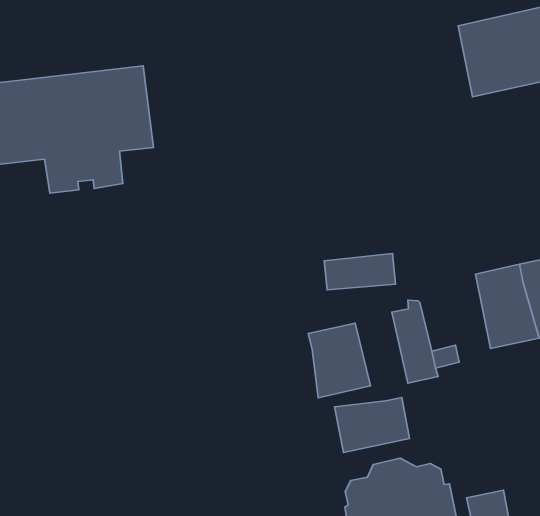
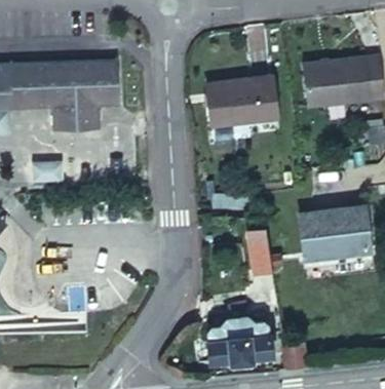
building: none -> [210,76,283,125]
building: [308,323,370,398] -> none
building: [334,397,410,452] -> none

